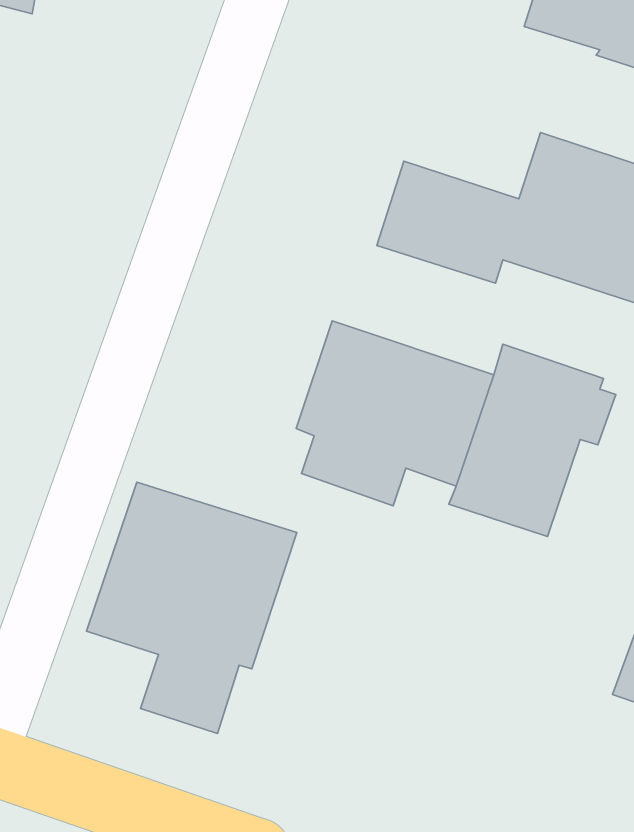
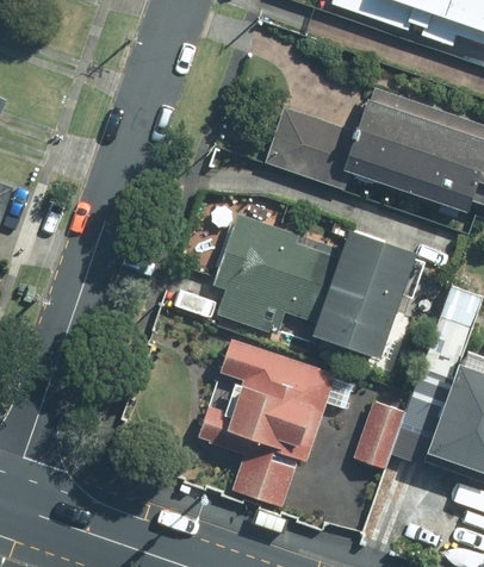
building: [87,482,297,734] -> [198,338,337,505]
building: none -> [353,400,405,469]

